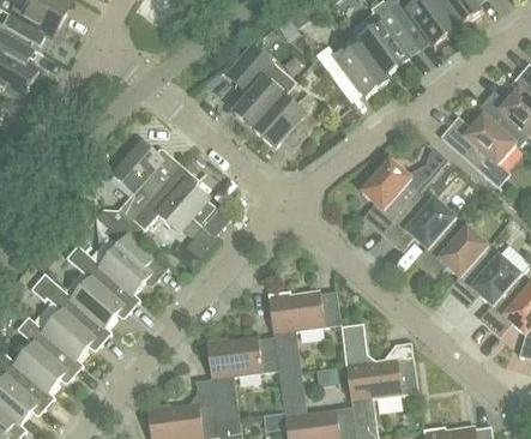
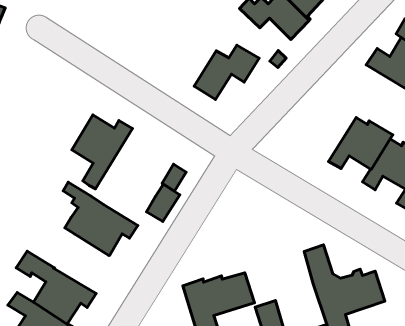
building: [225,44,294,130] -> none
building: [361,144,447,234] -> none
building: [123,163,206,239] -> none
building: [65,245,139,326] -> none
building: [267,290,340,375] -> none

